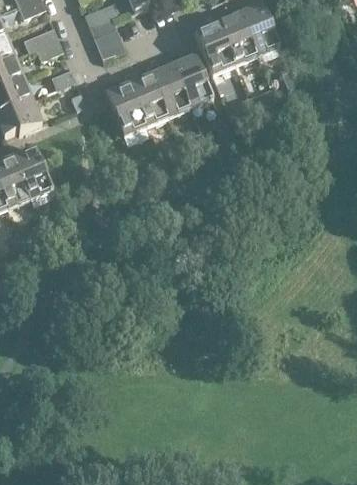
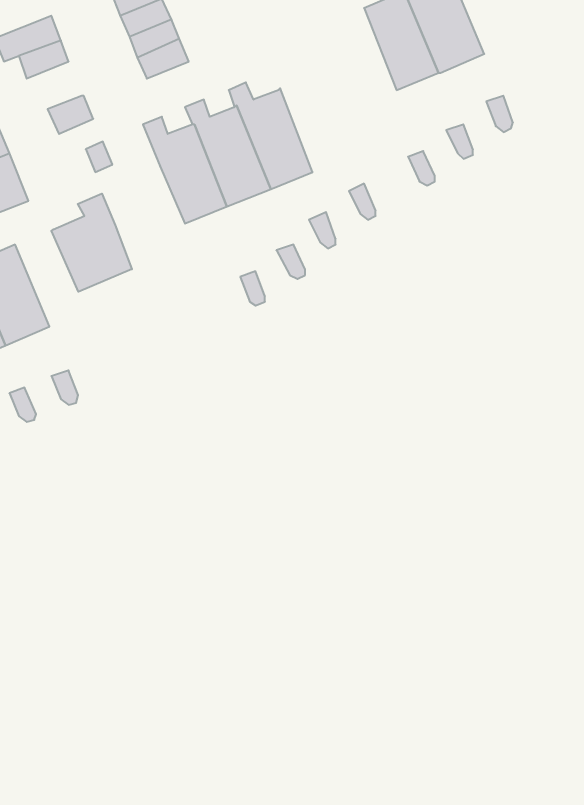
building: [194,22,234,74] -> none
building: [168,52,213,108] -> none
building: none -> [51,194,132,292]

